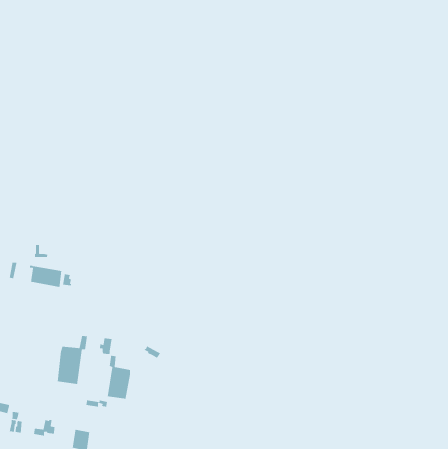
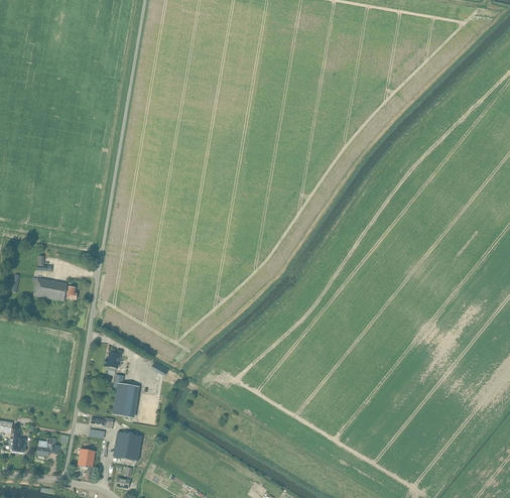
building: [57,335,88,385] -> none
building: none -> [112,431,141,461]

